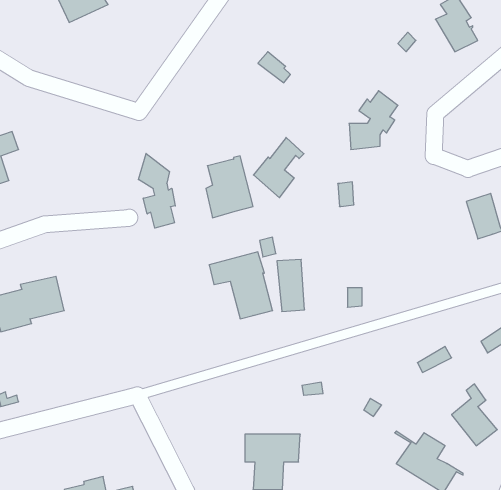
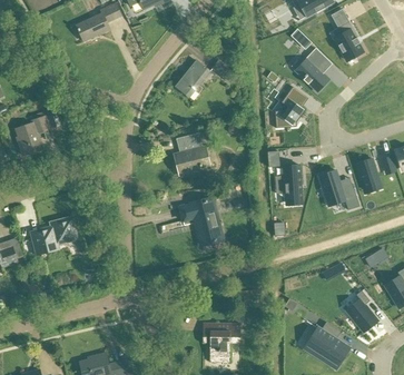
building: none -> [295,58,329,91]
building: [253,137,304,198] -> [176,60,210,101]
building: [138,153,175,228] -> none
building: none -> [318,170,359,209]
building: [277,259,305,311] -> [283,165,302,200]

